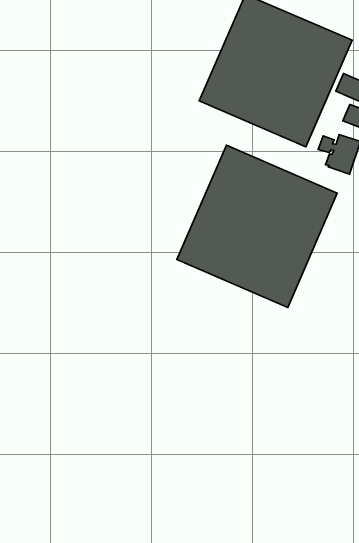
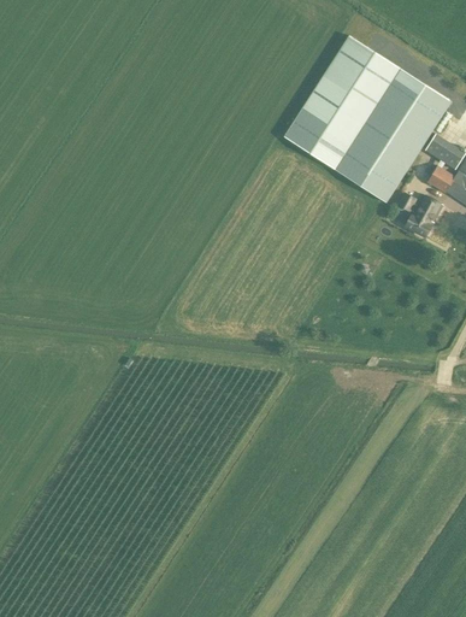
building: [177,145,337,307] -> none

